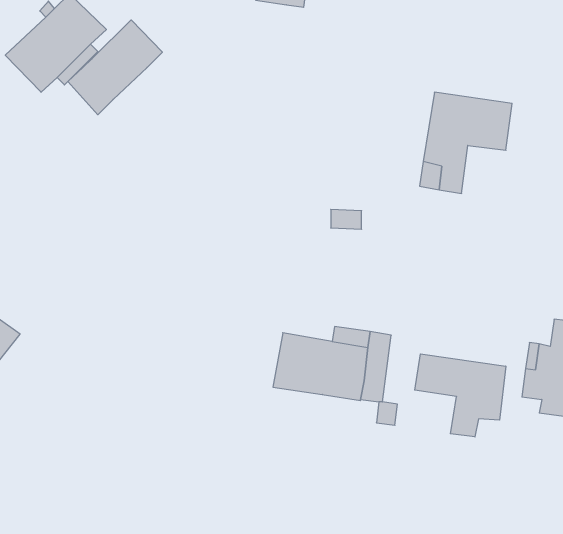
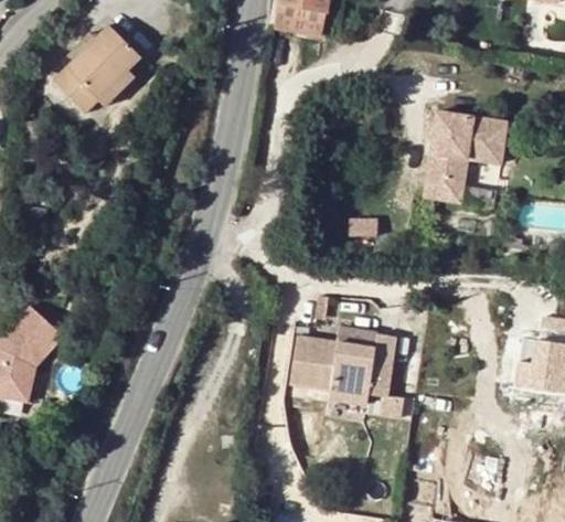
building: [68,20,162,115] -> none
building: [415,354,506,437] -> none

